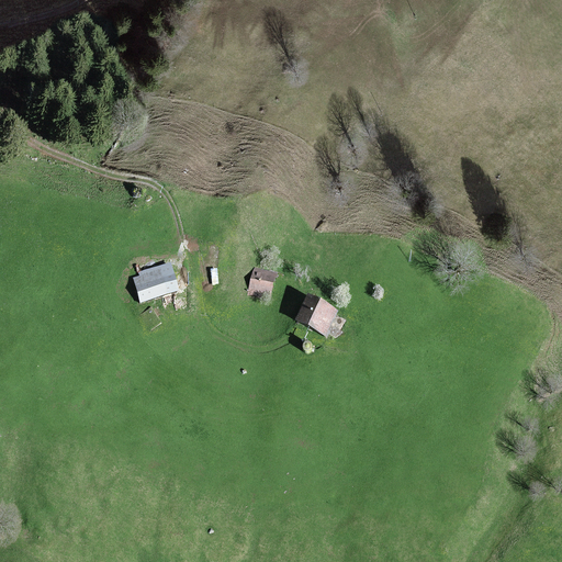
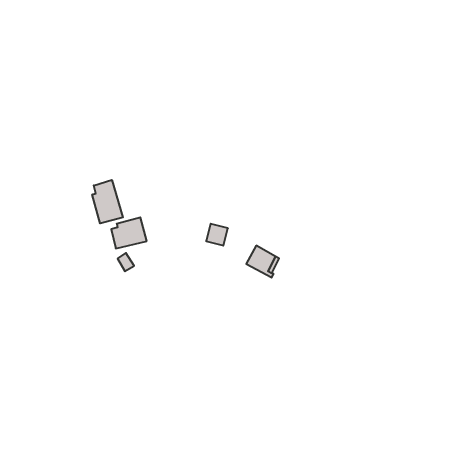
building: none -> [92,180,123,223]

